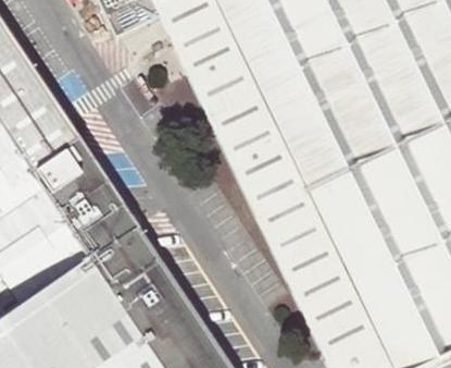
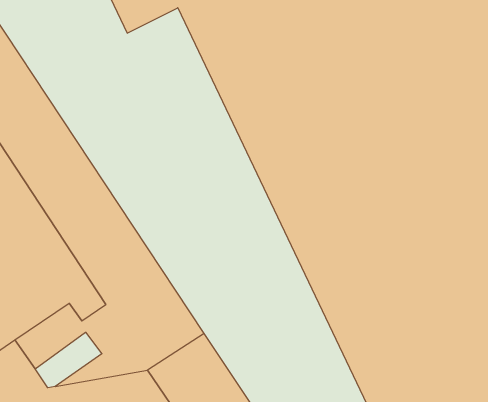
building: [38,295,96,343] -> none

